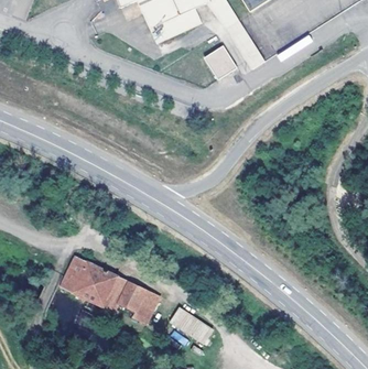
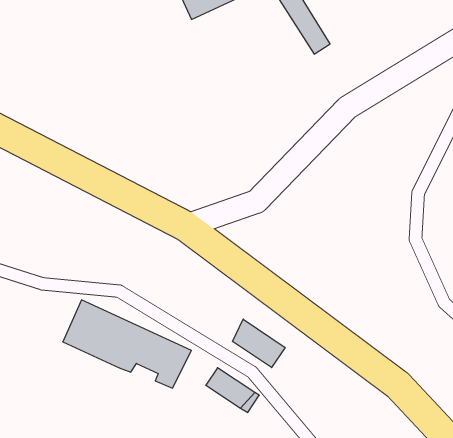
building: [202,45,235,78] -> none
building: none -> [233,319,285,368]

